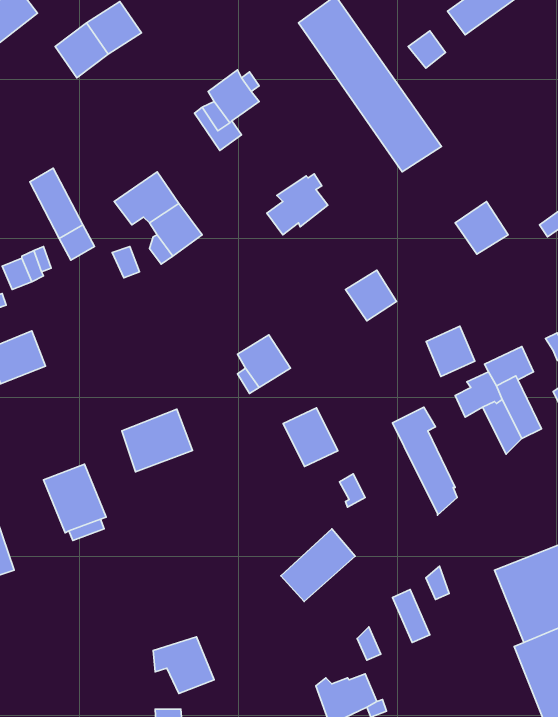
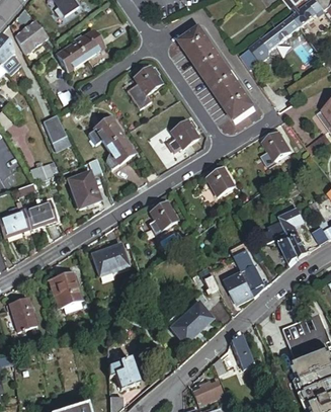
building: none -> [67,172,98,208]
building: [426,326,475,377] -> none
building: [283,408,338,467] -> [226,273,254,304]

